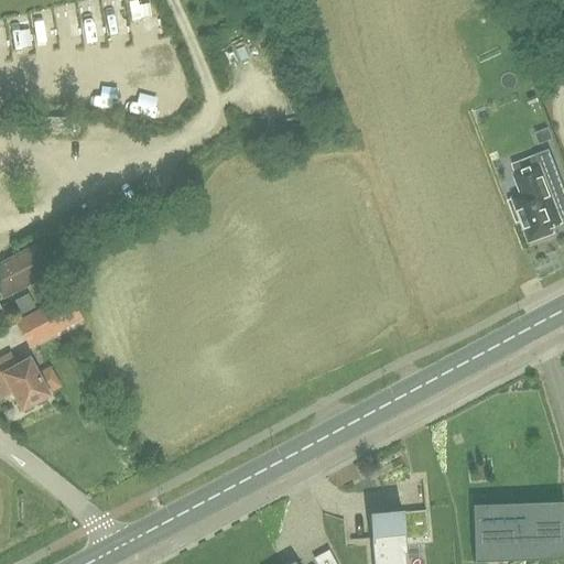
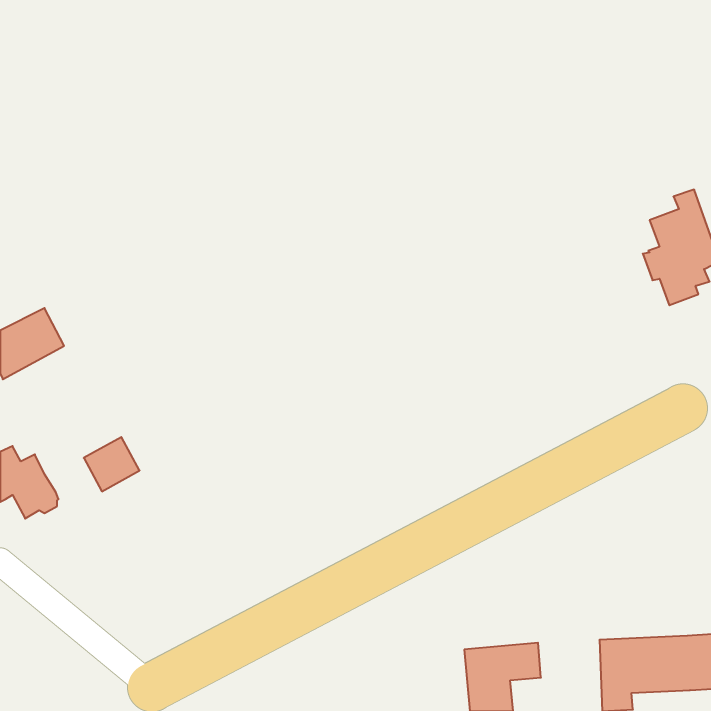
building: [14,305,58,348] -> [84,437,140,491]

